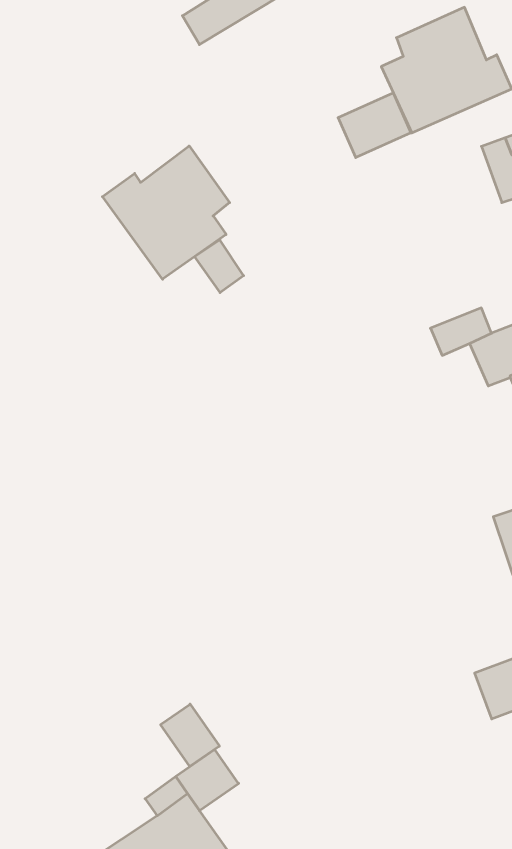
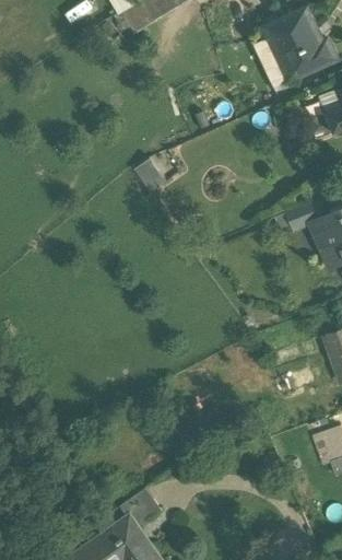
building: [338,93,411,158] -> none
building: [102,146,230,279] -> none
building: [161,704,219,767] -> none

